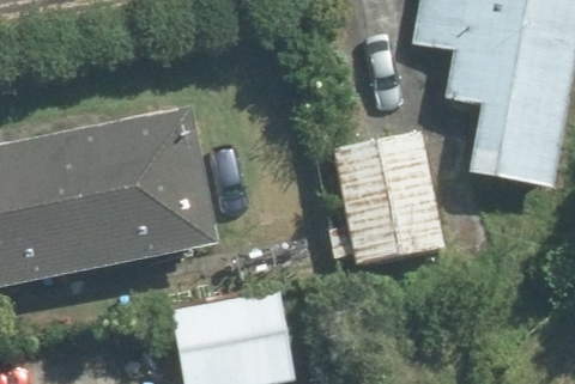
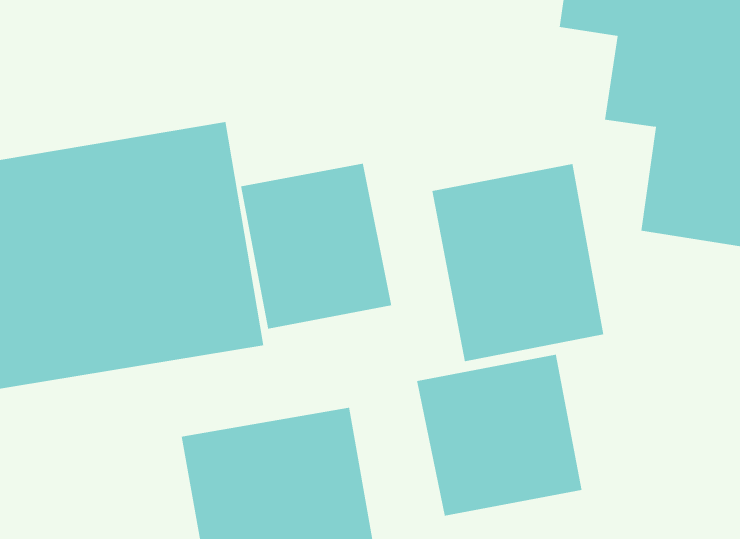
building: none -> [240,163,392,329]
building: none -> [417,354,582,516]

